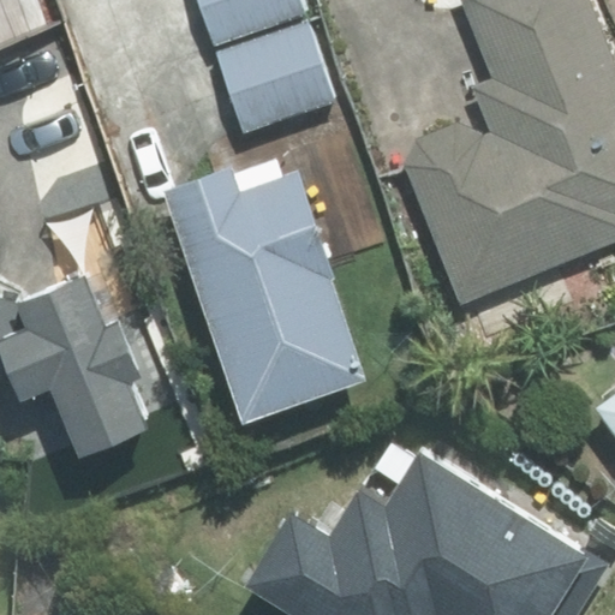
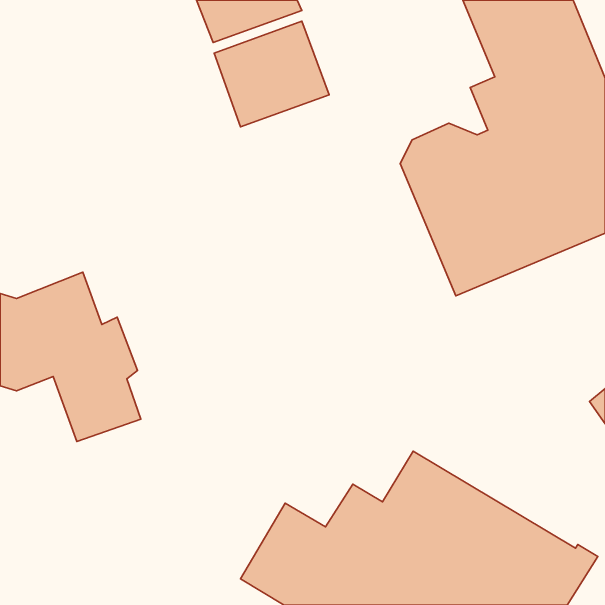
building: [166,171,366,423] -> none

